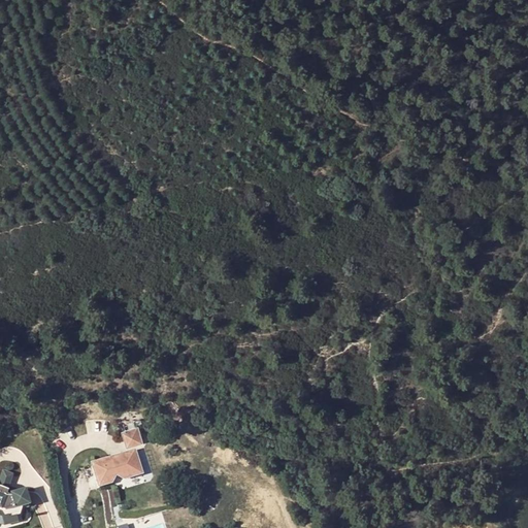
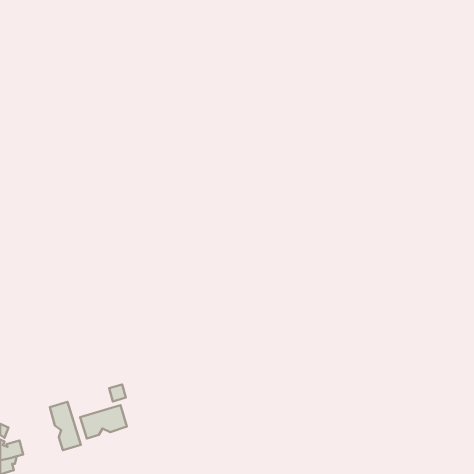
building: none -> [50,402,81,450]

